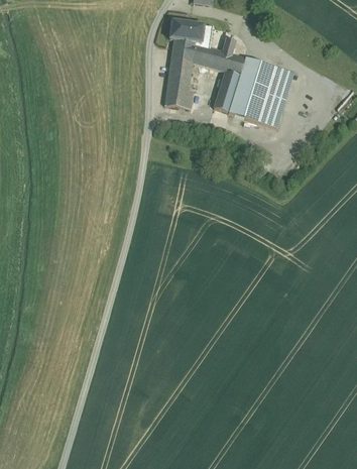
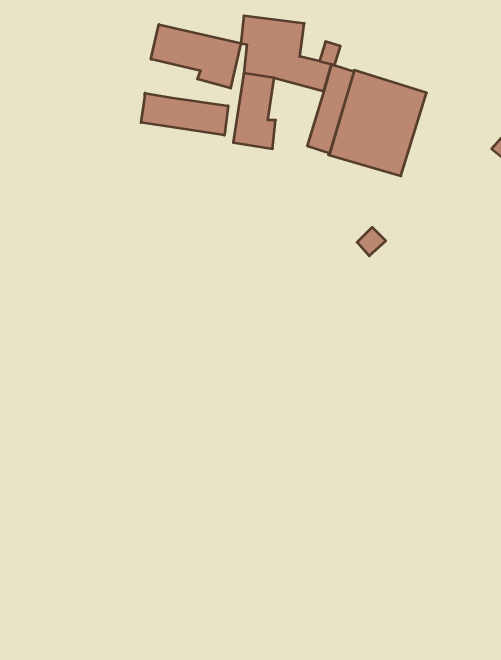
building: none -> [151,24,241,88]
building: none -> [141,93,228,135]

